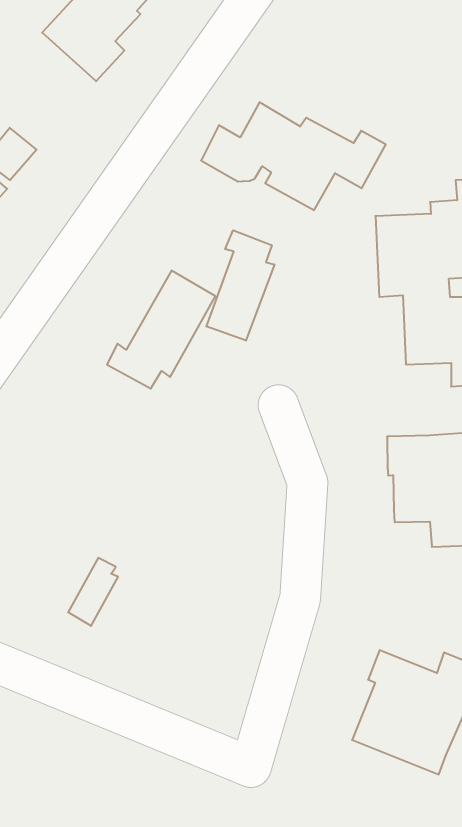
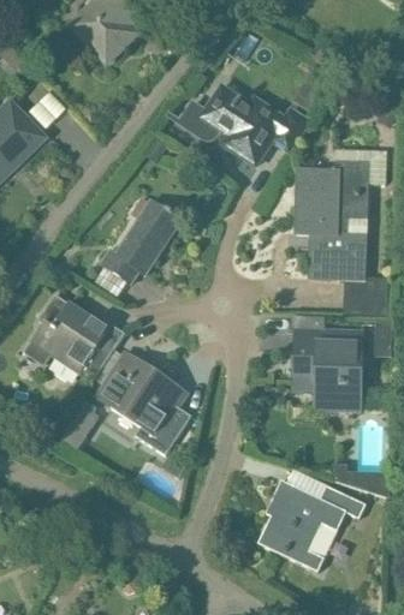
building: [206,230,274,341] -> none
building: none -> [23,294,124,380]
building: none -> [96,352,190,454]

